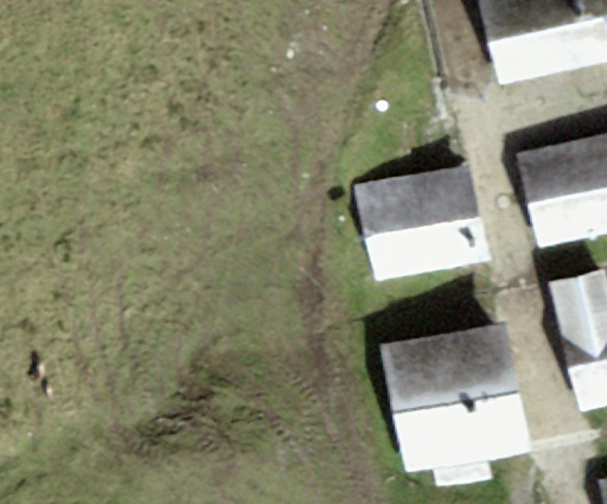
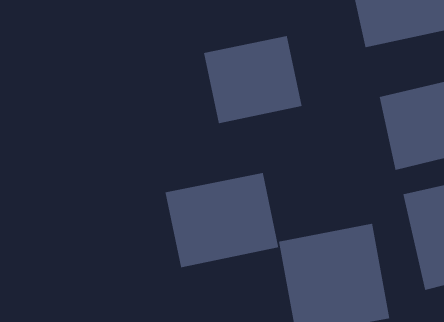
building: [354,162,488,282] -> [203,35,302,124]
building: none -> [165,172,279,268]

